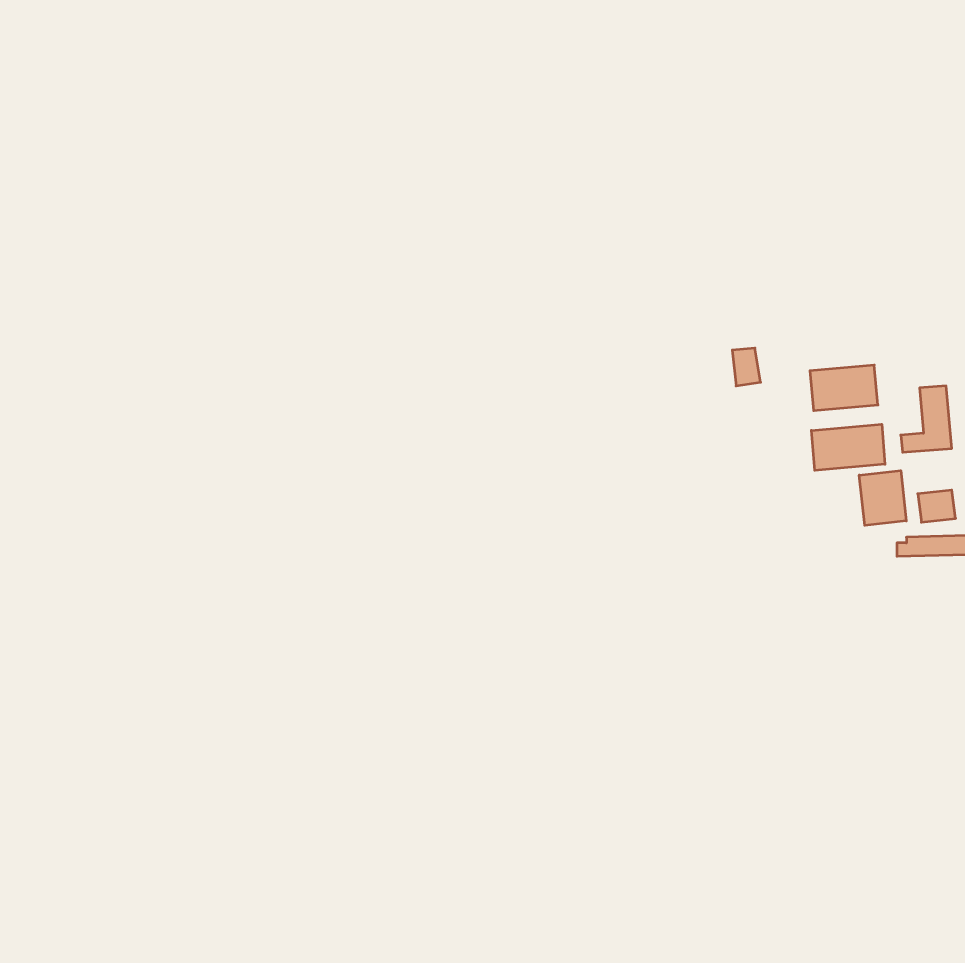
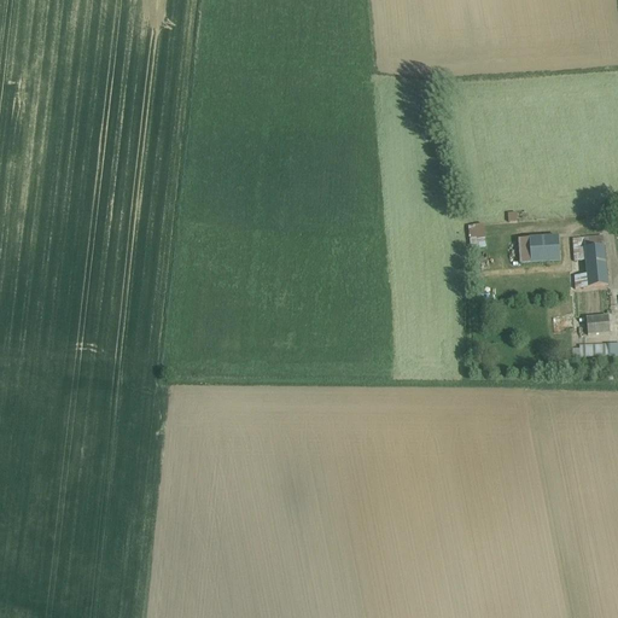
building: [811,424,885,470] -> none
building: [859,471,906,525] -> none

